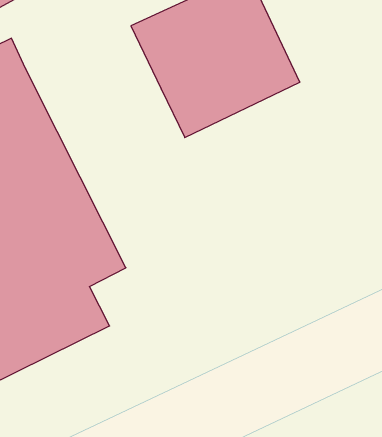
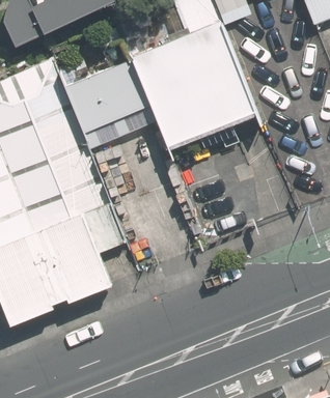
building: none -> [52,61,155,138]

